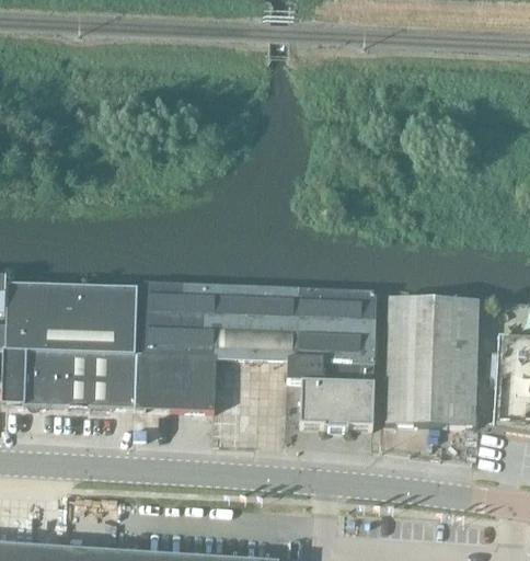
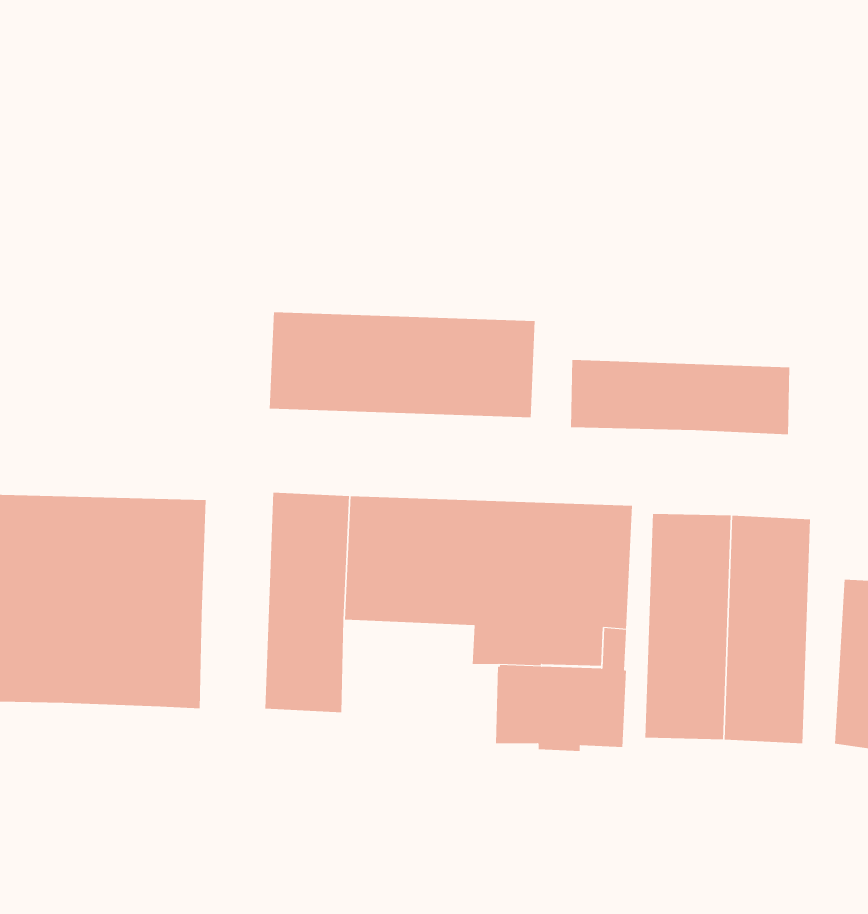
building: none -> [269,311,535,418]
building: none -> [571,359,790,435]
building: [135,282,175,405] -> none

